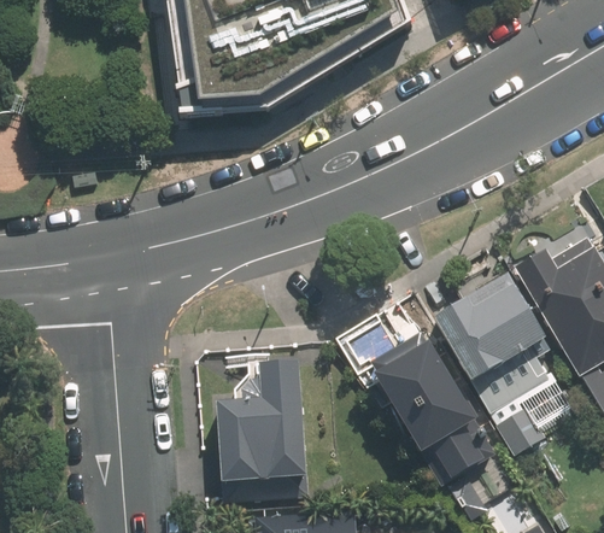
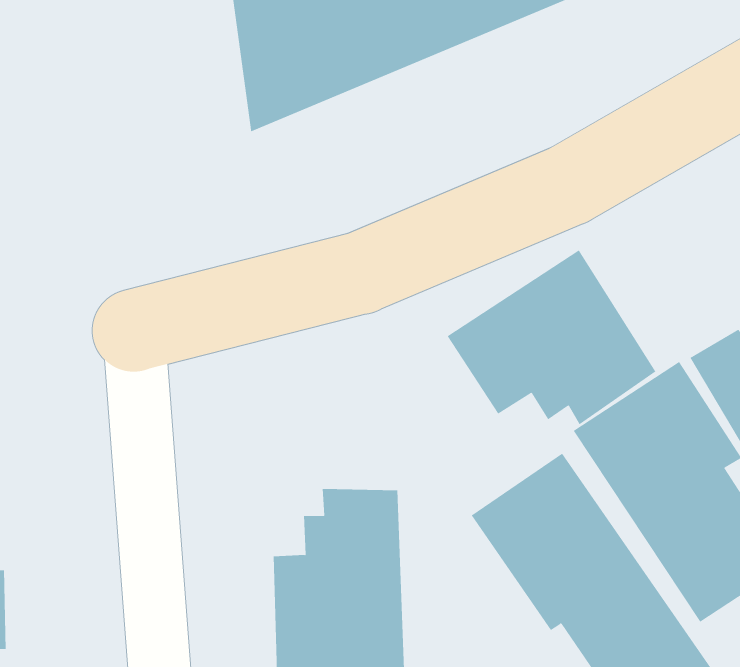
building: none -> [447,249,656,425]

